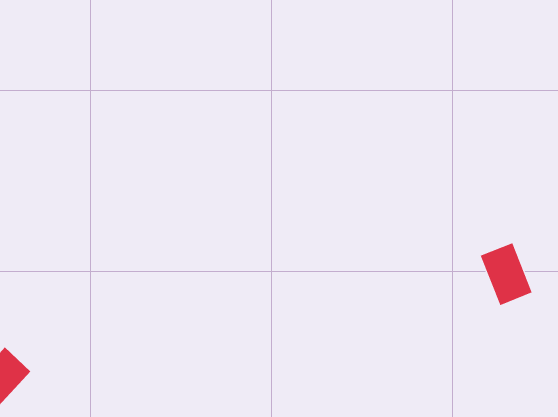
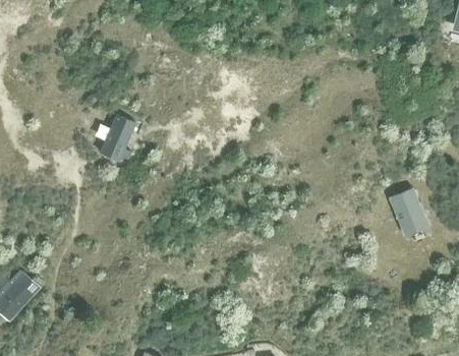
building: none -> [99,114,136,162]

